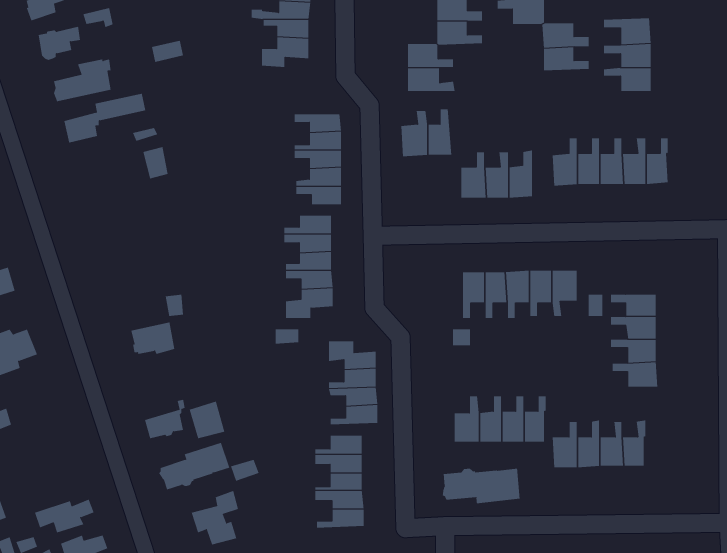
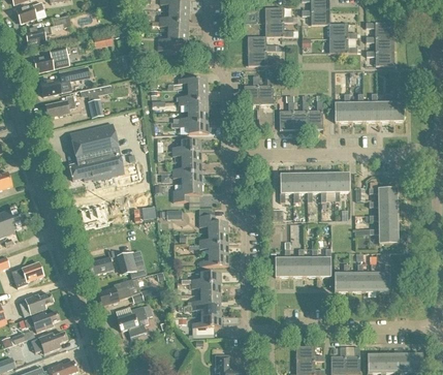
building: none -> [44,93,74,117]
building: none -> [68,123,123,181]
building: none -> [10,260,42,286]
building: [442,468,520,504] -> none
building: none -> [19,292,52,314]

